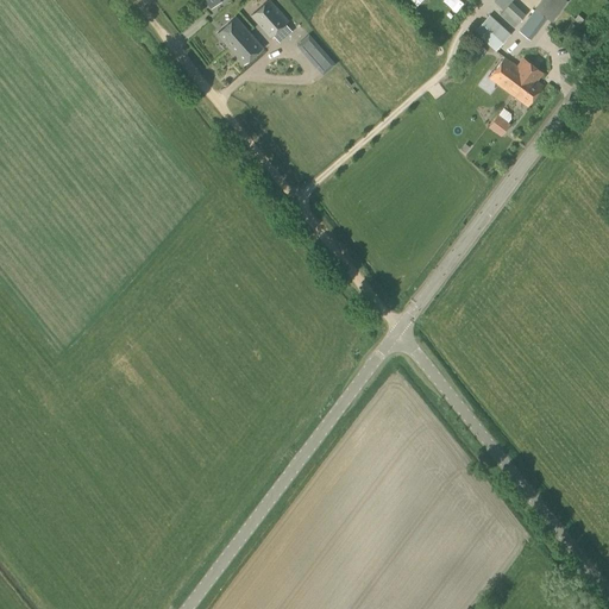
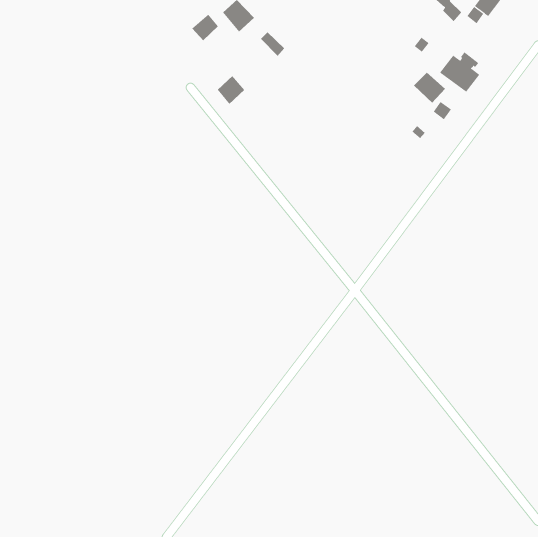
building: [473,14,510,50] -> [413,72,446,104]
building: [230,30,262,63] -> [217,75,245,105]

